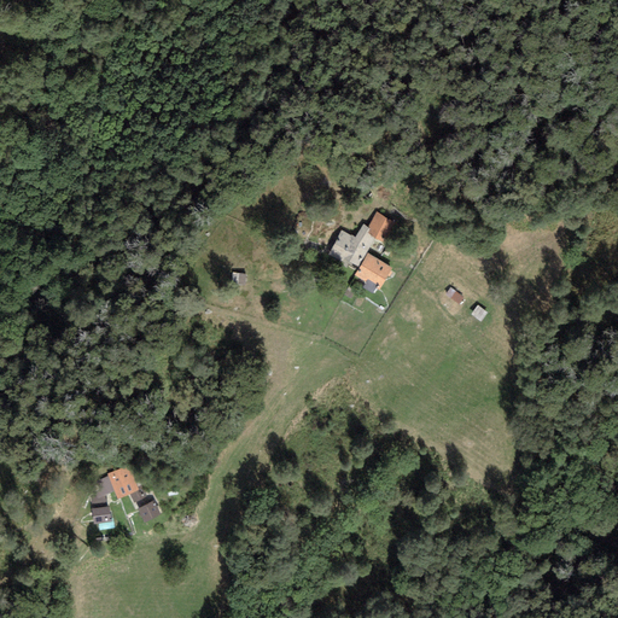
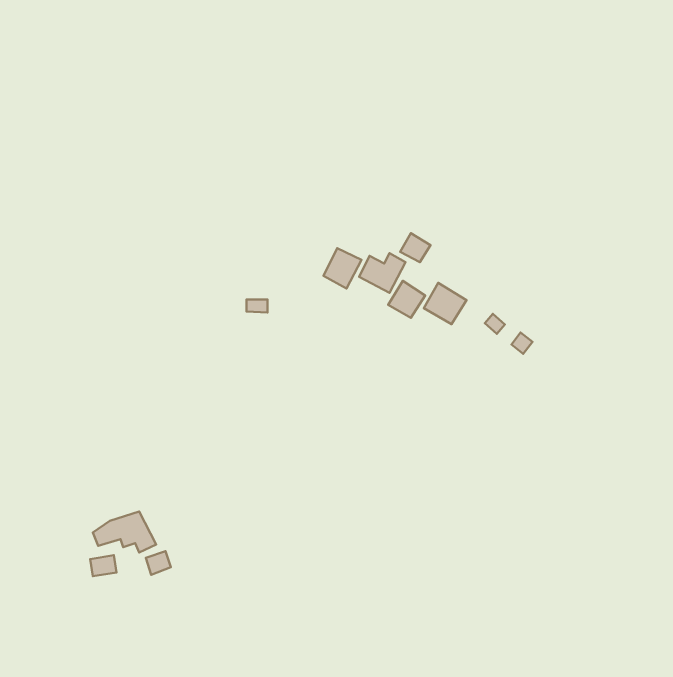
building: none -> [323,248,362,289]
building: none -> [424,283,467,324]

